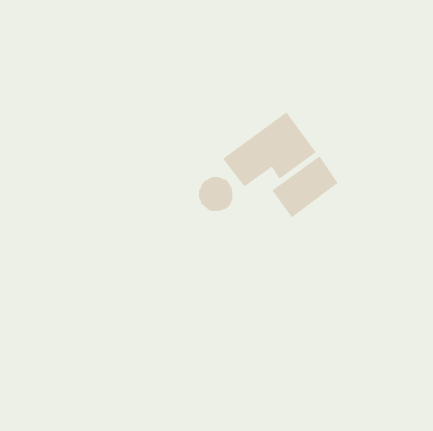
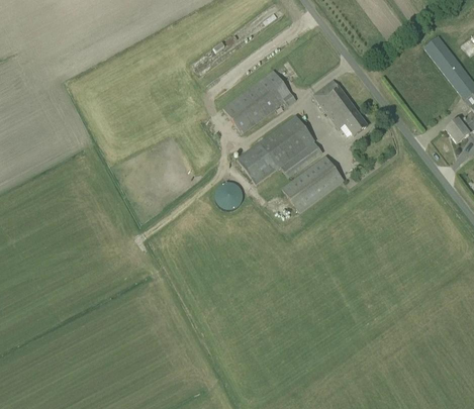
building: none -> [222,69,295,132]
building: none -> [312,79,367,134]

